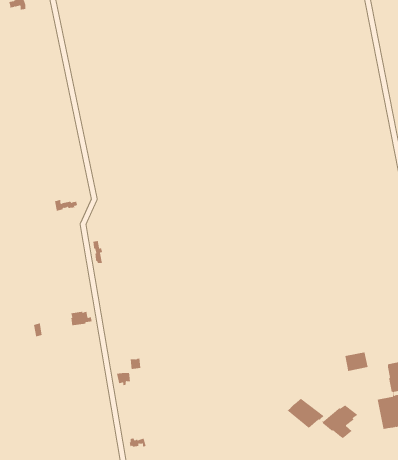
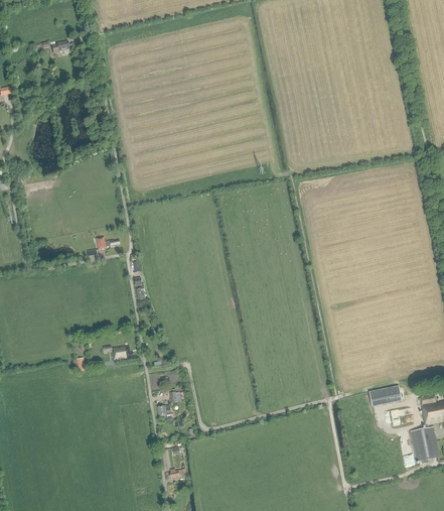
building: [287,398,359,439] -> none

